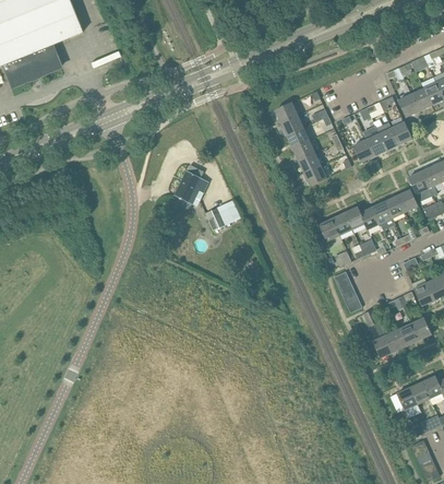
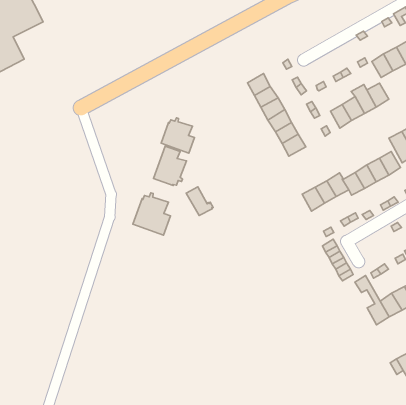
building: none -> [161,118,195,153]
building: none -> [133,193,171,235]

